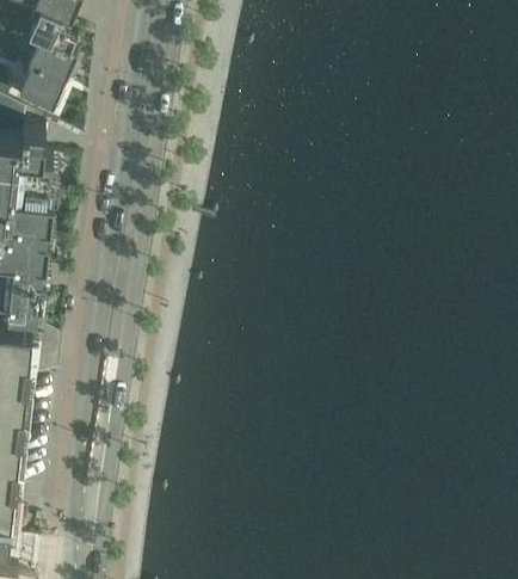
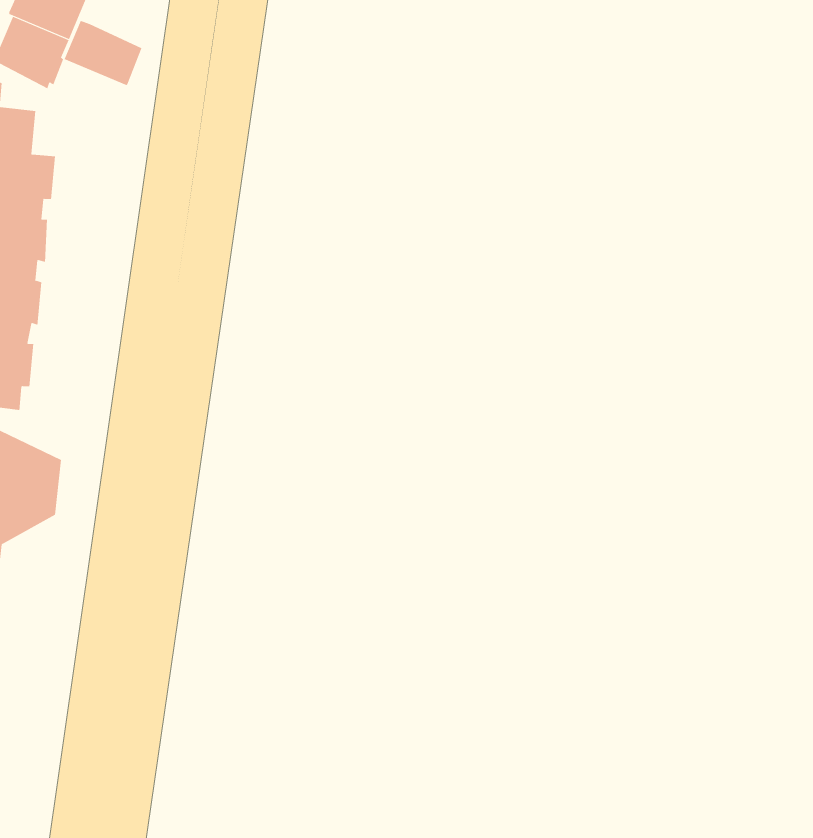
building: none -> [64,20,142,86]

